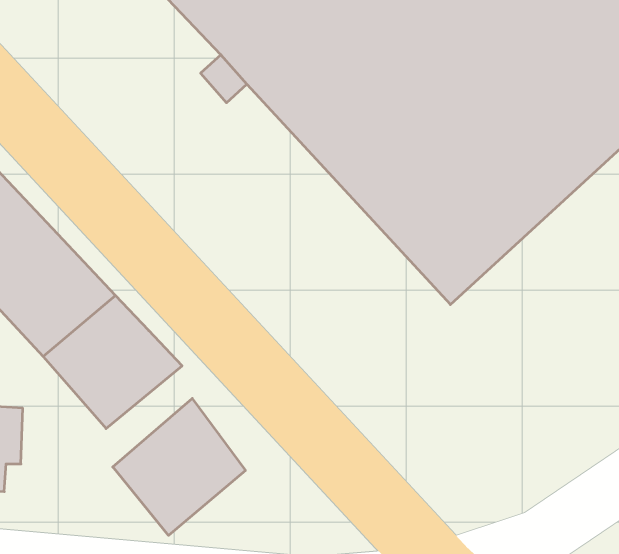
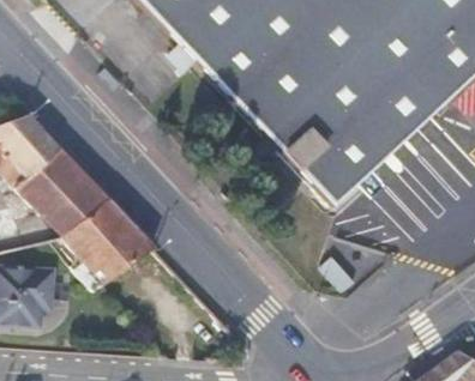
building: [113,398,245,535] -> none

